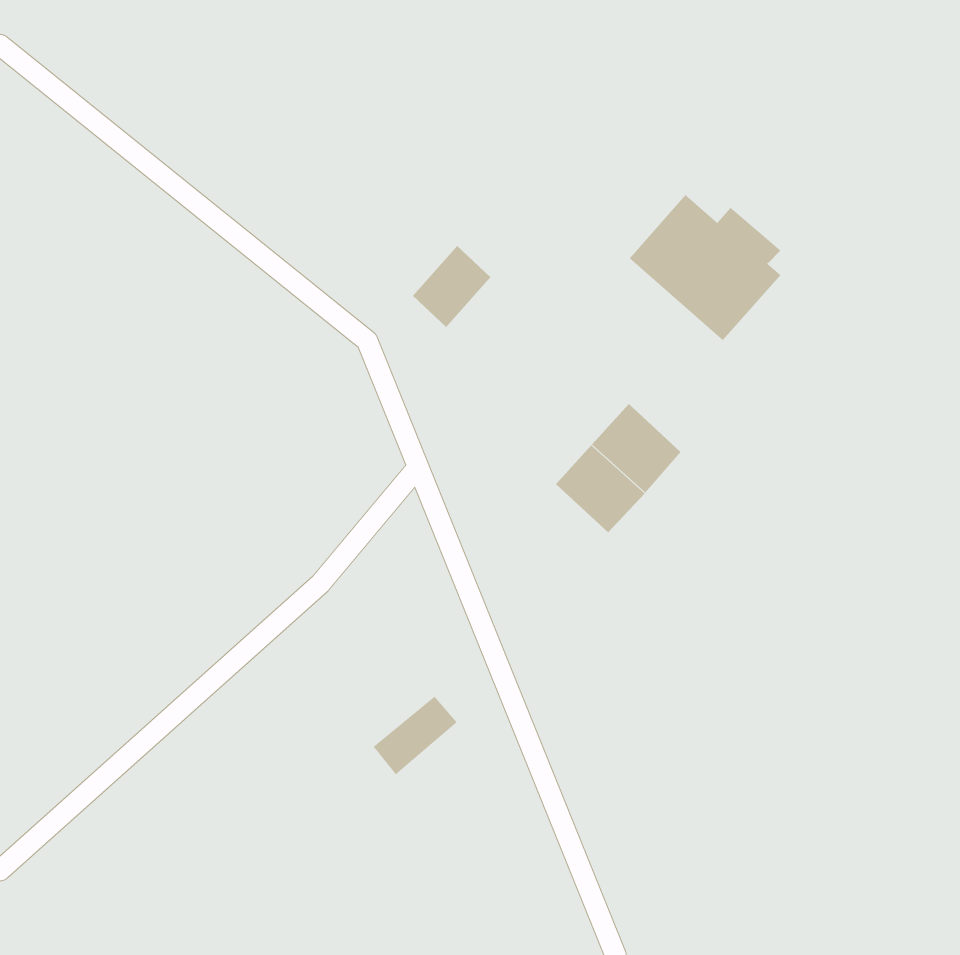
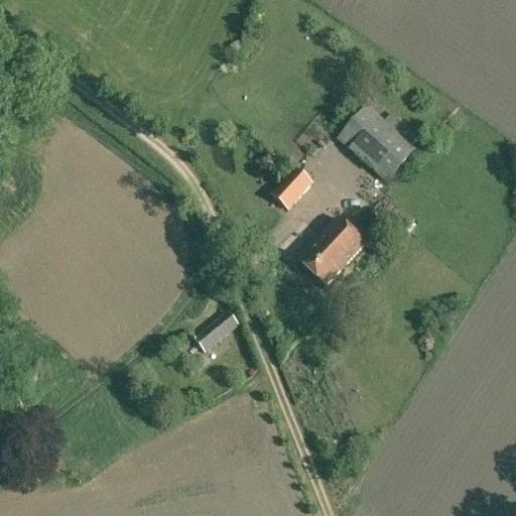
building: [412,245,491,328] -> [271,165,313,210]
building: [373,696,458,775] -> [195,309,240,352]

